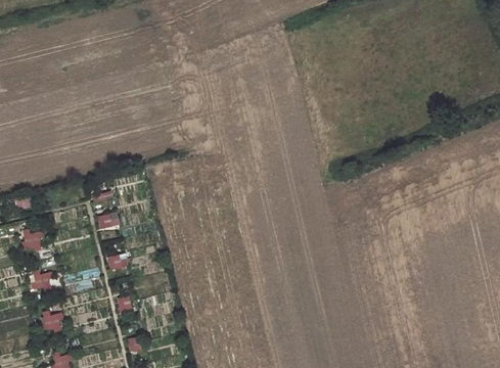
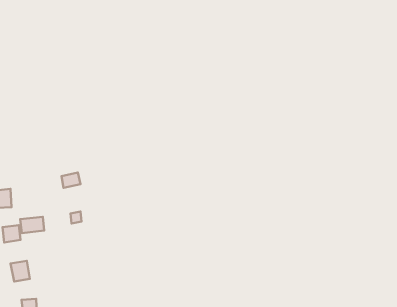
building: none -> [20,217,44,233]

